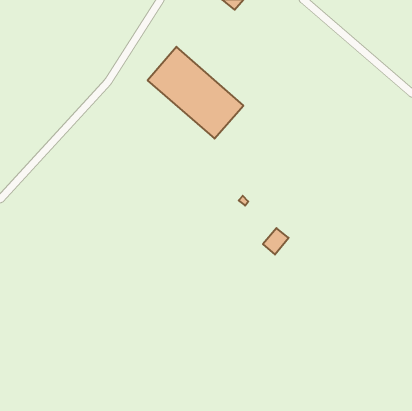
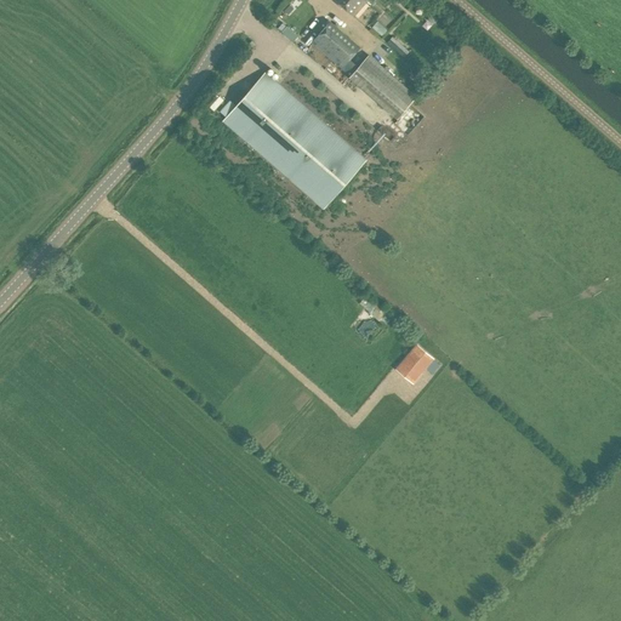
building: none -> [310,21,359,68]
building: none -> [349,55,416,118]

